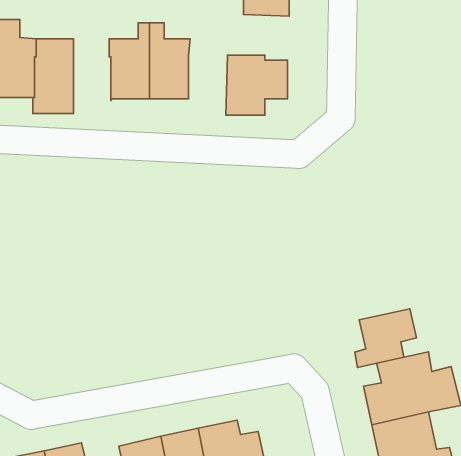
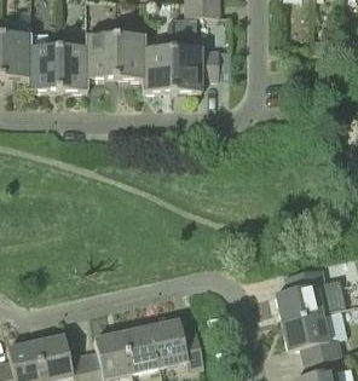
building: none -> [58,35,87,91]
building: none -> [142,47,173,92]
building: [355,309,416,368] -> none

